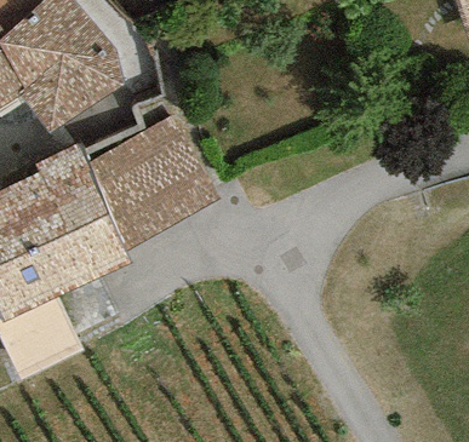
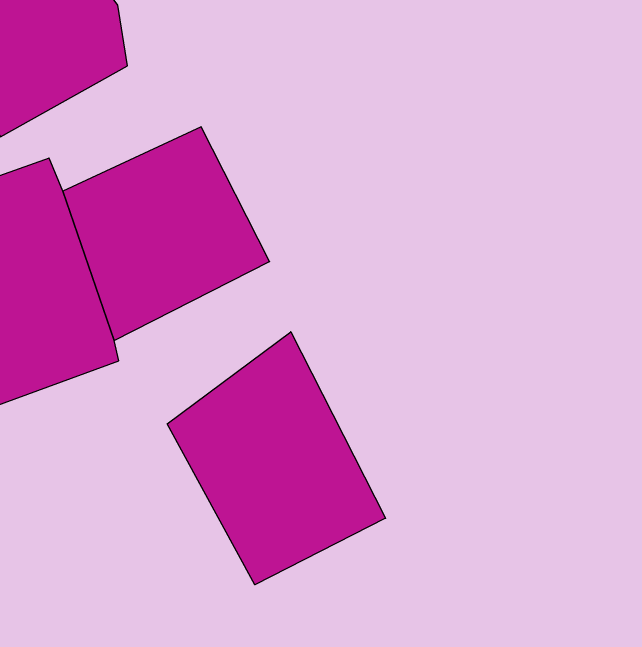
building: none -> [167,332,386,585]

